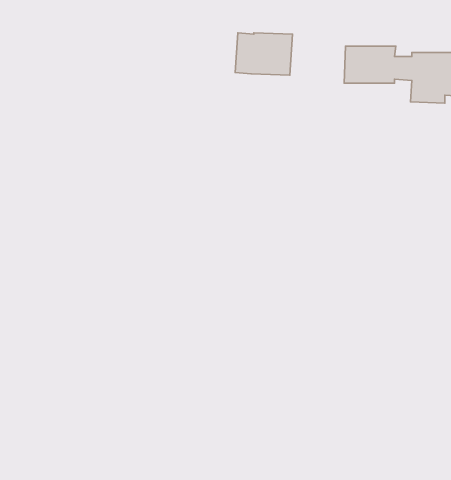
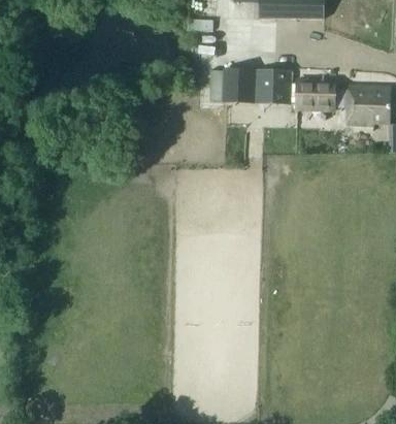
building: none -> [255,70,296,103]

